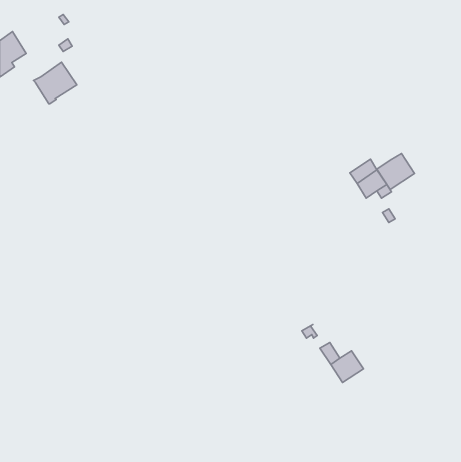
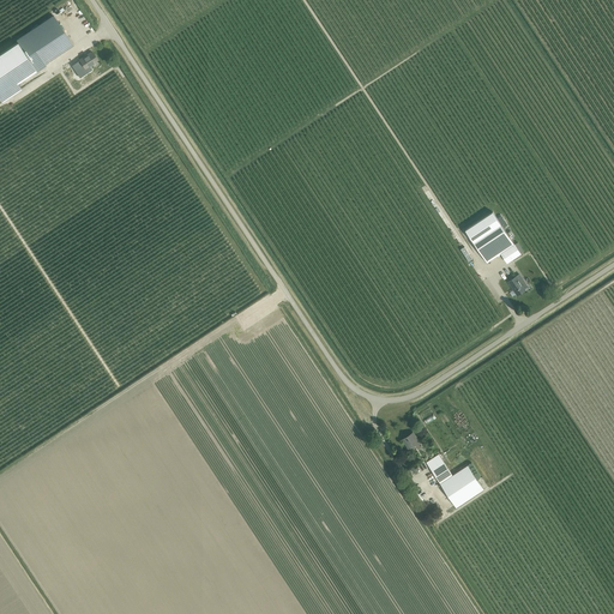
building: [33,62,77,104] -> [14,16,72,71]
building: [377,153,414,189] -> none

